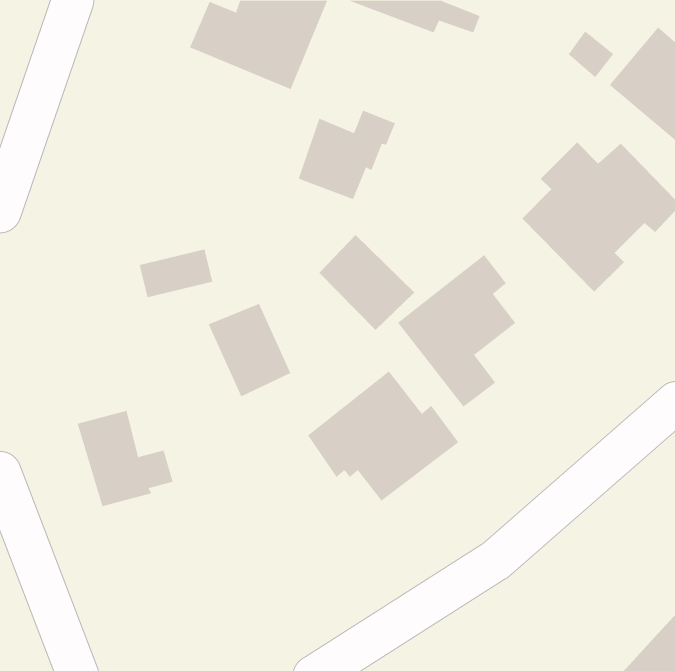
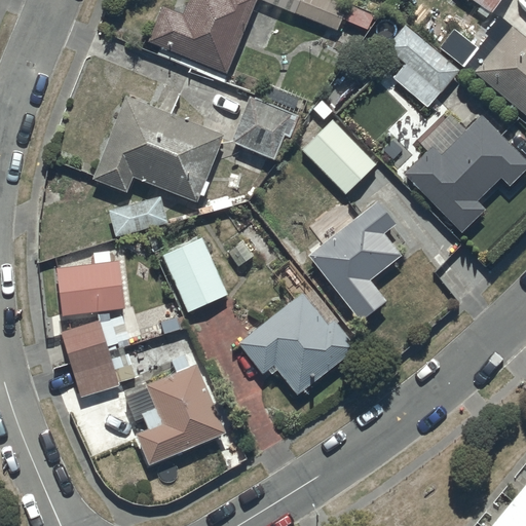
building: none -> [385,26,459,106]
building: none -> [92,96,224,200]
building: [318,234,415,331] -> [302,119,377,194]
building: none -> [57,252,123,321]
building: none -> [125,363,226,464]

